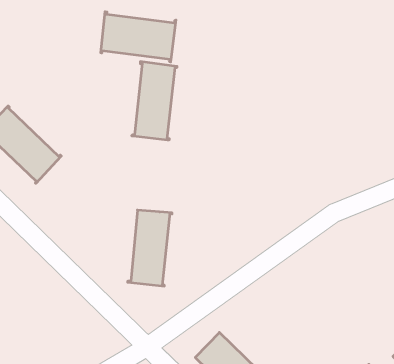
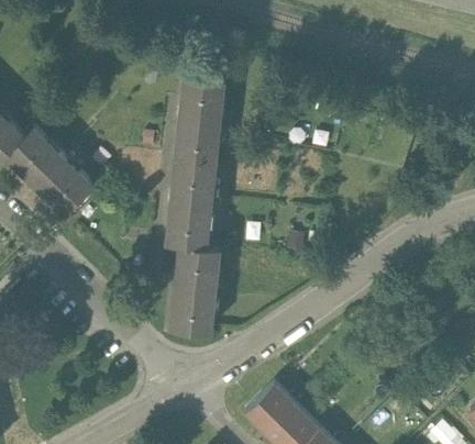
building: [101,12,176,62] -> none
building: none -> [165,157,214,244]

